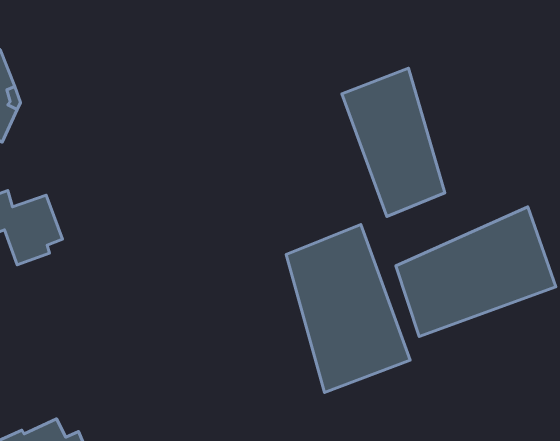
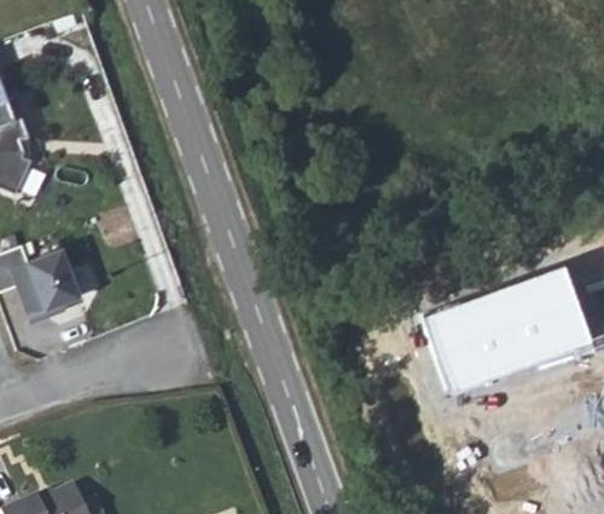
building: [342,68,445,216] -> none
building: [286,225,410,393] -> none

